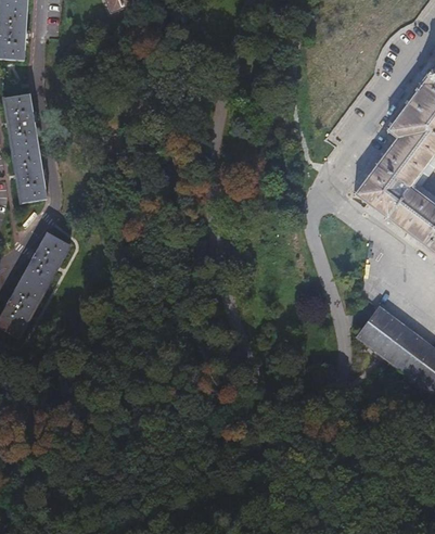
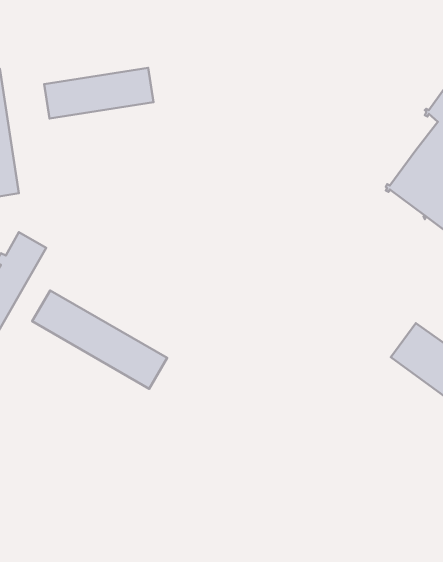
building: none -> [44,68,154,119]
building: none -> [32,290,167,389]

